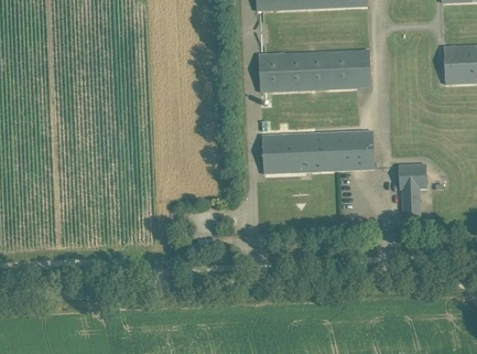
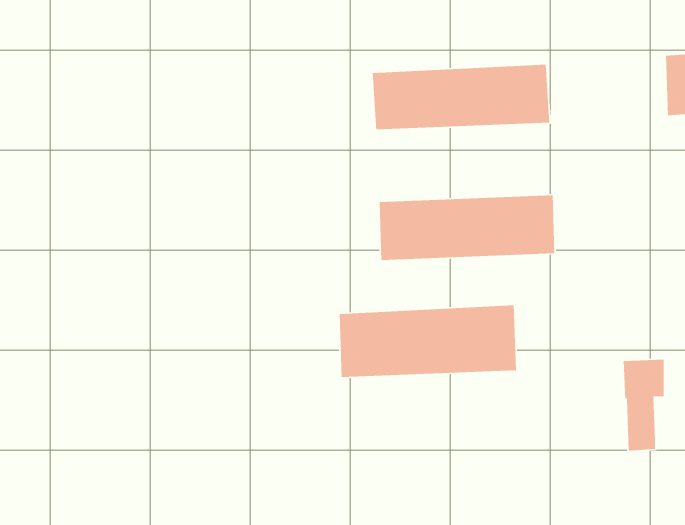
building: [399,161,425,219] -> [623,359,665,451]
building: none -> [339,304,517,378]

